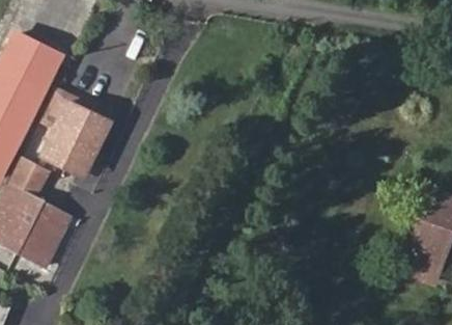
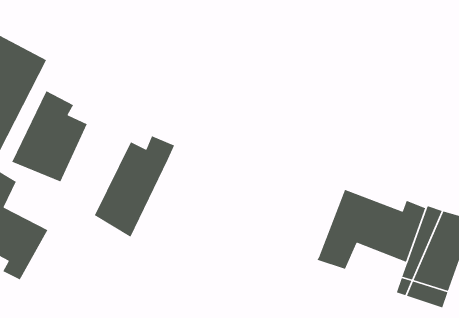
building: none -> [94,135,175,238]
building: none -> [316,189,426,270]

